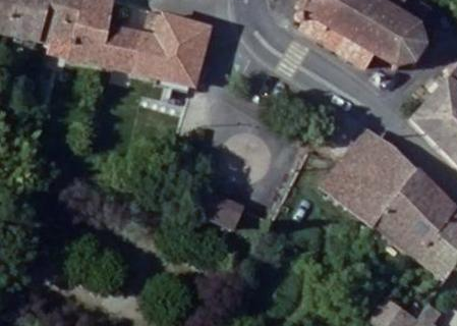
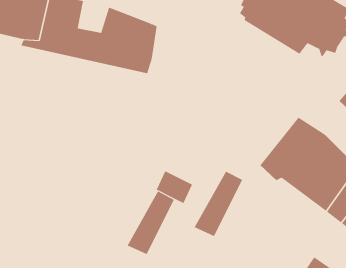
building: none -> [194,171,243,237]
building: none -> [127,191,174,255]

